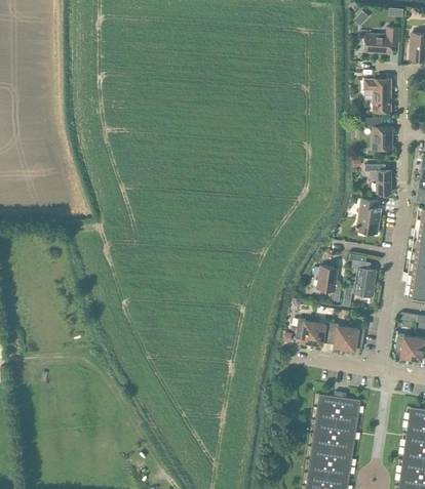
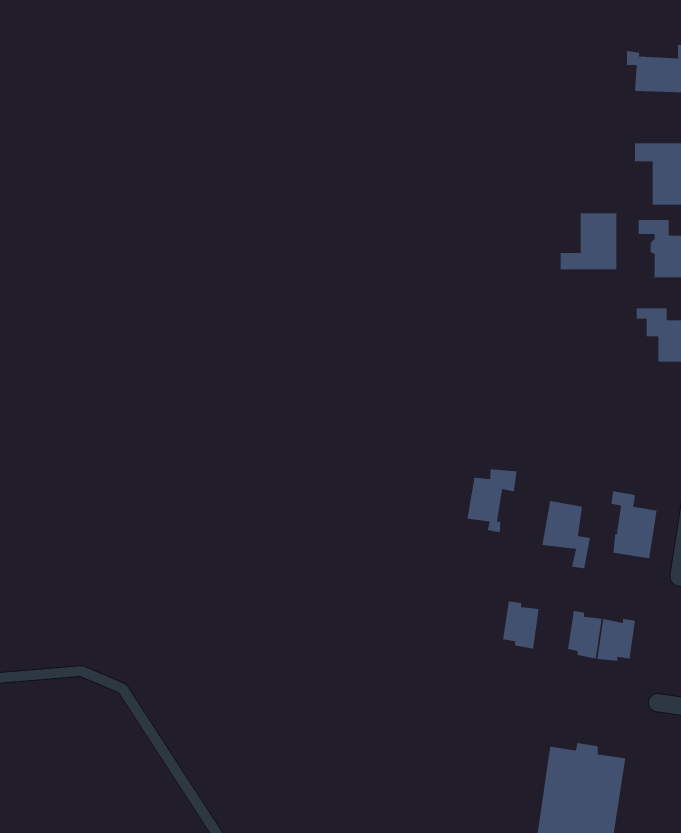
building: none -> [560,213,617,270]
building: [357,199,382,234] -> none
building: none -> [466,468,517,533]
building: [312,322,333,345] -> none

